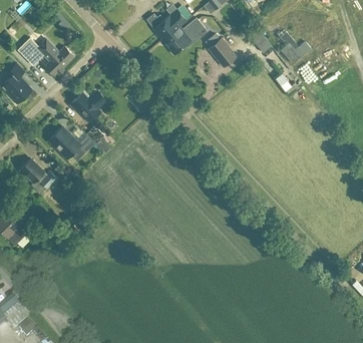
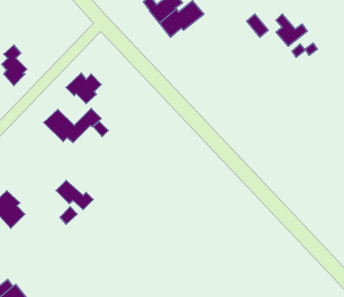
building: [17,37,72,74] -> none
building: [208,37,236,66] -> none
building: [19,158,56,188] -> [56,181,93,210]

